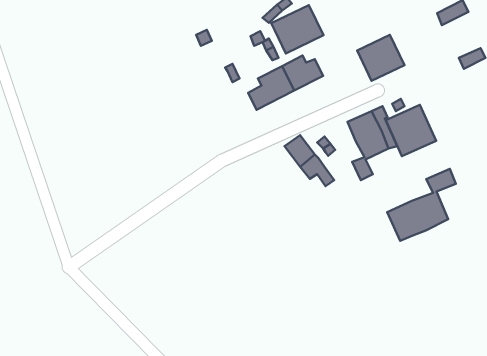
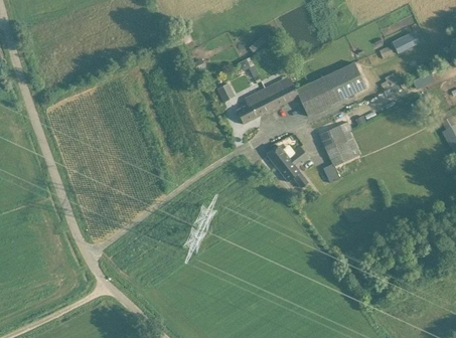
building: [271,5,323,53] -> [296,74,339,115]
building: [386,105,436,156] -> none
building: [387,169,456,241] -> none

